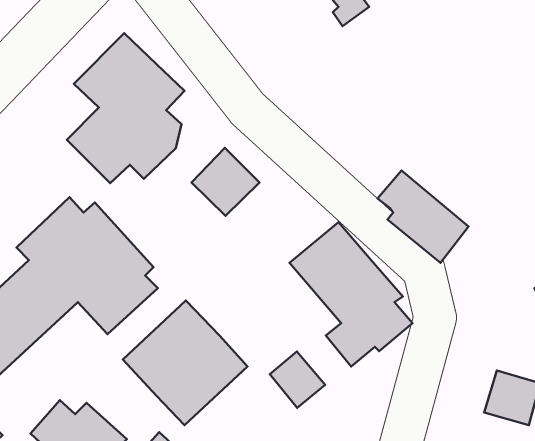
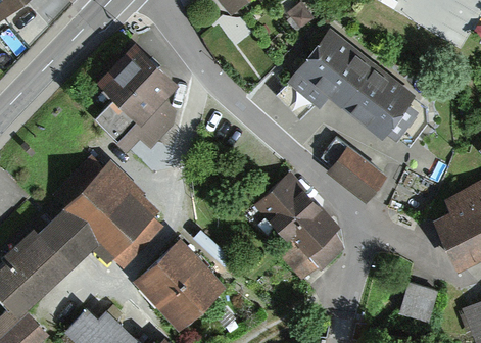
building: none -> [289,33,429,149]
building: [191,148,260,216] -> none
building: [270,351,325,408] -> none

